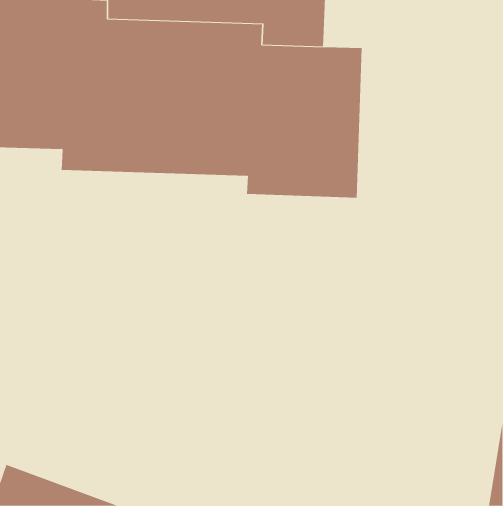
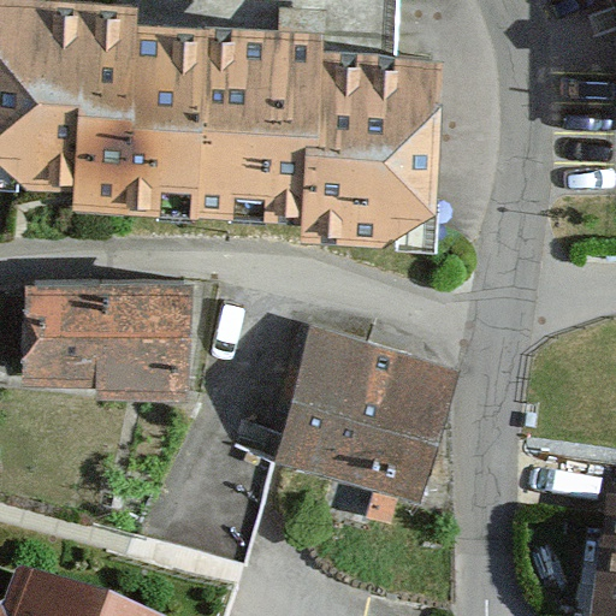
building: none -> [16,282,195,402]
building: none -> [270,327,456,500]

